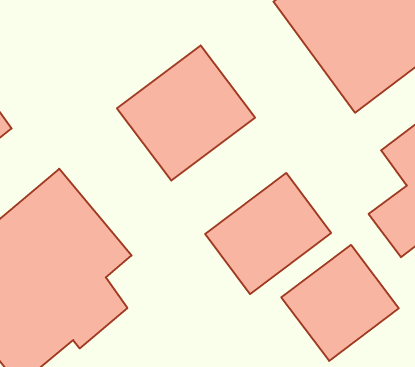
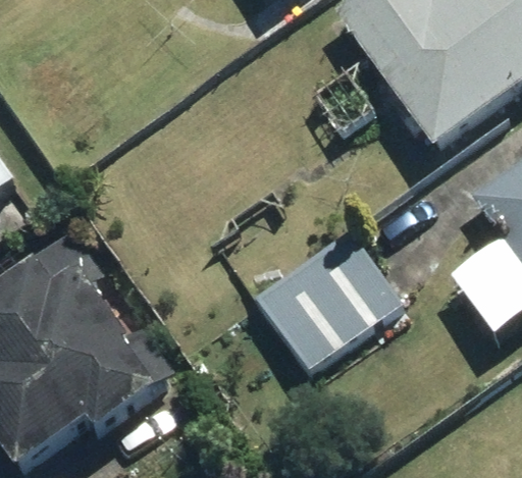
building: [117,45,255,181] -> none
building: [281,245,399,361] -> none

